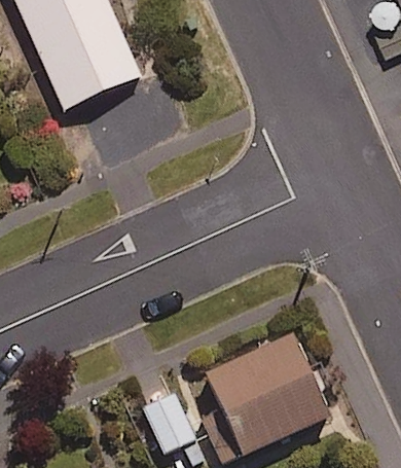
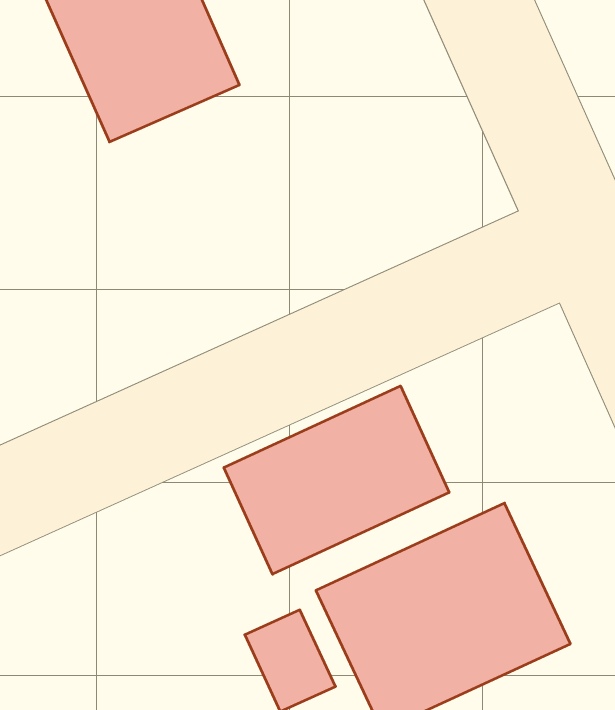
building: none -> [224,386,449,574]

